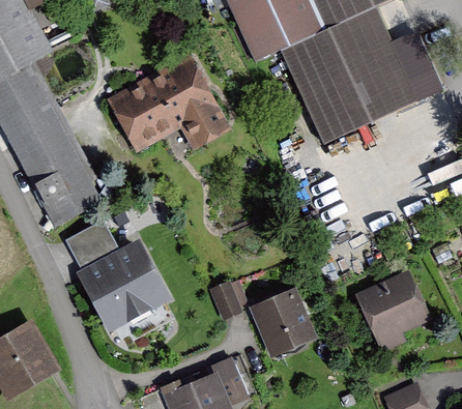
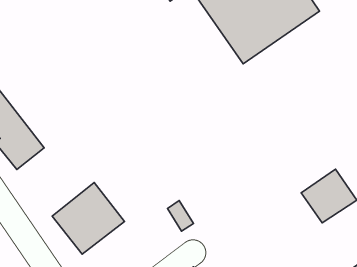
building: [115,63,221,142] -> none
building: [76,221,116,262] -> none
building: [255,292,311,351] -> none

